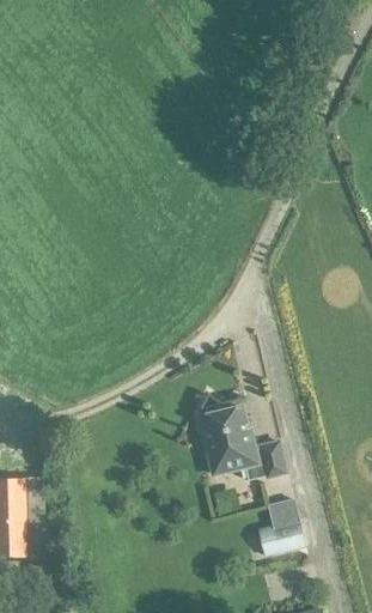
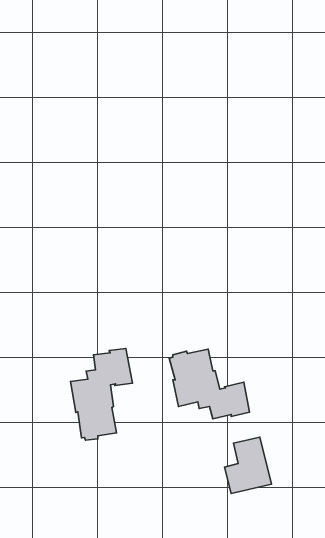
building: none -> [71,348,132,440]

